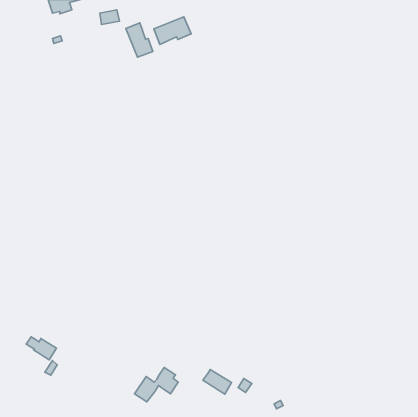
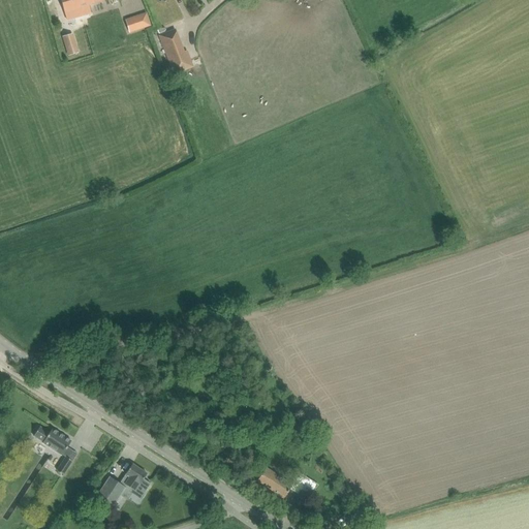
building: [154,17,191,44] -> none
building: [135,368,178,402] -> [95,464,150,507]

